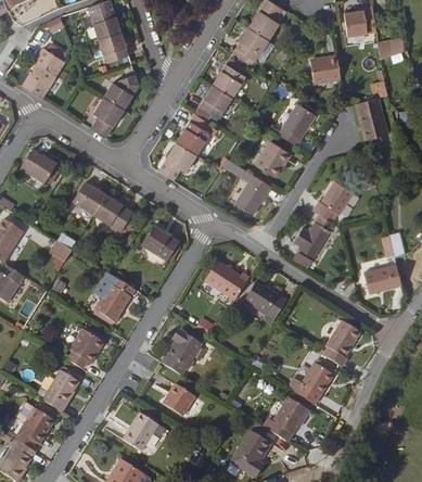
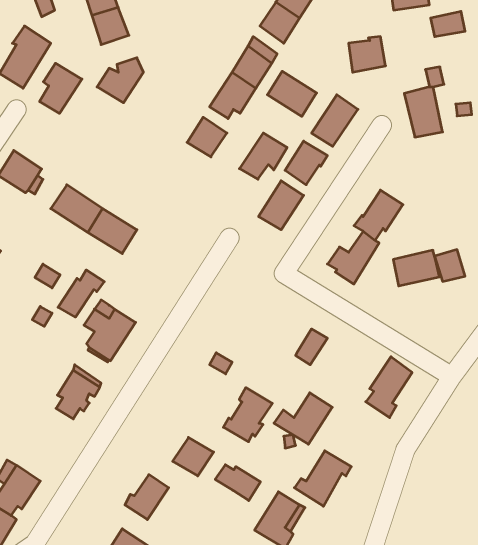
building: none -> [267,71,317,116]
building: [90,97,125,138] -> [40,63,82,113]
building: [157,142,196,180] -> [239,133,287,179]
building: [141,225,180,262] -> none
building: none -> [58,270,104,317]
building: [204,261,250,301] -> none
building: [363,264,401,293] -> [393,250,440,286]
building: [244,283,279,315] -> none
building: [164,330,204,375] -> [223,388,272,442]
building: [286,362,334,404] -> [274,393,332,444]
building: [44,369,80,413] -> none
building: none -> [215,465,260,501]

